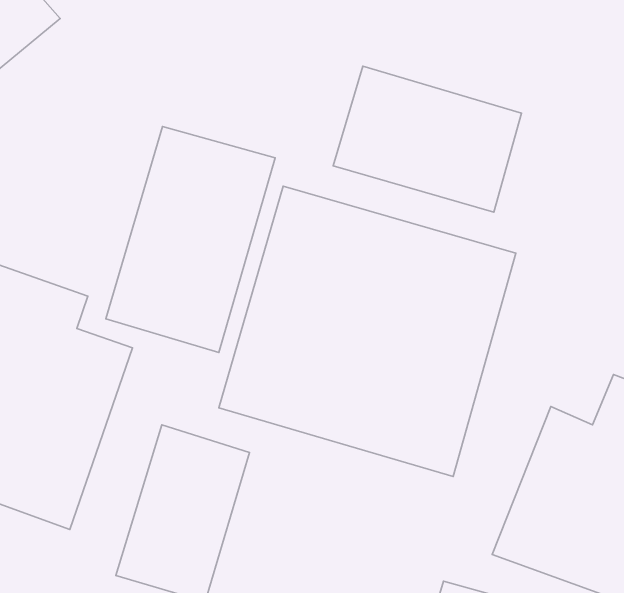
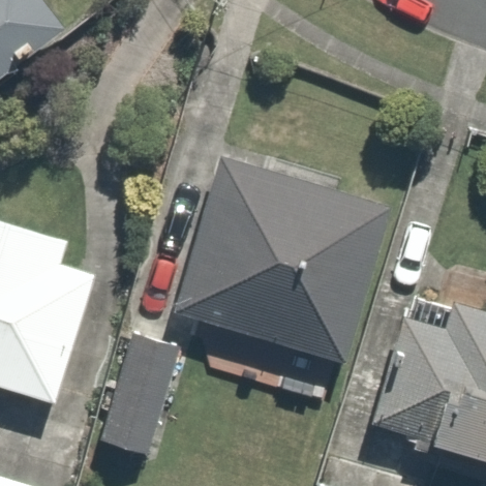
building: [333,66,521,212] -> none
building: [106,126,275,353] -> none

